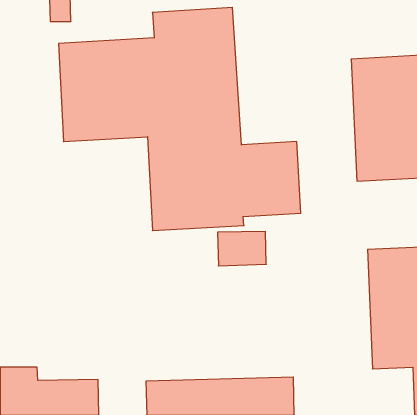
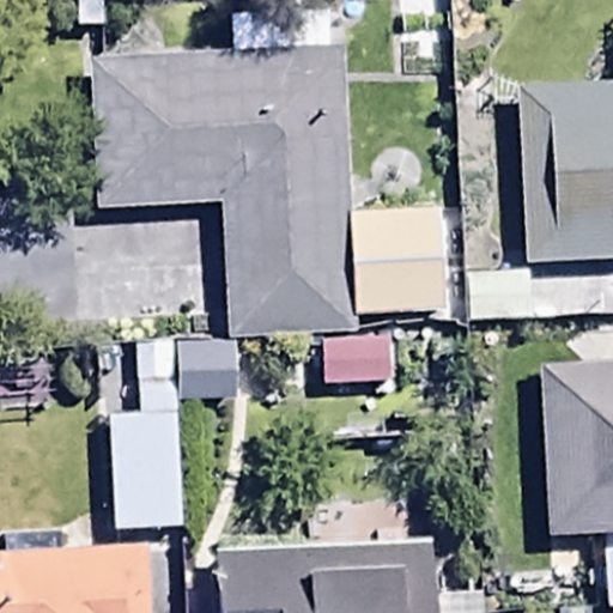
building: none -> [113,342,180,530]

